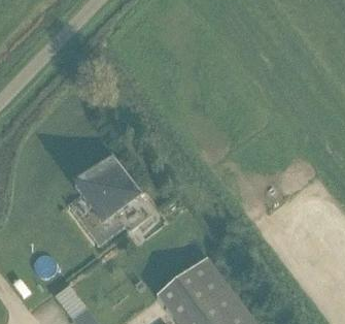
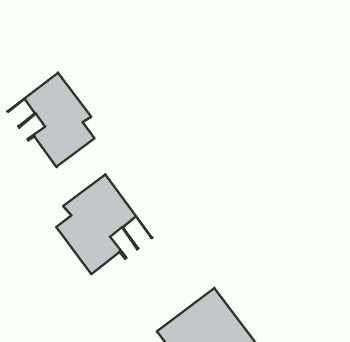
building: none -> [7,73,94,167]

